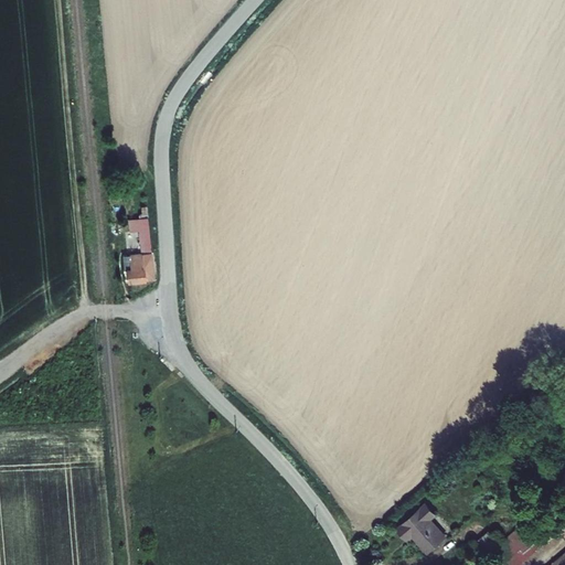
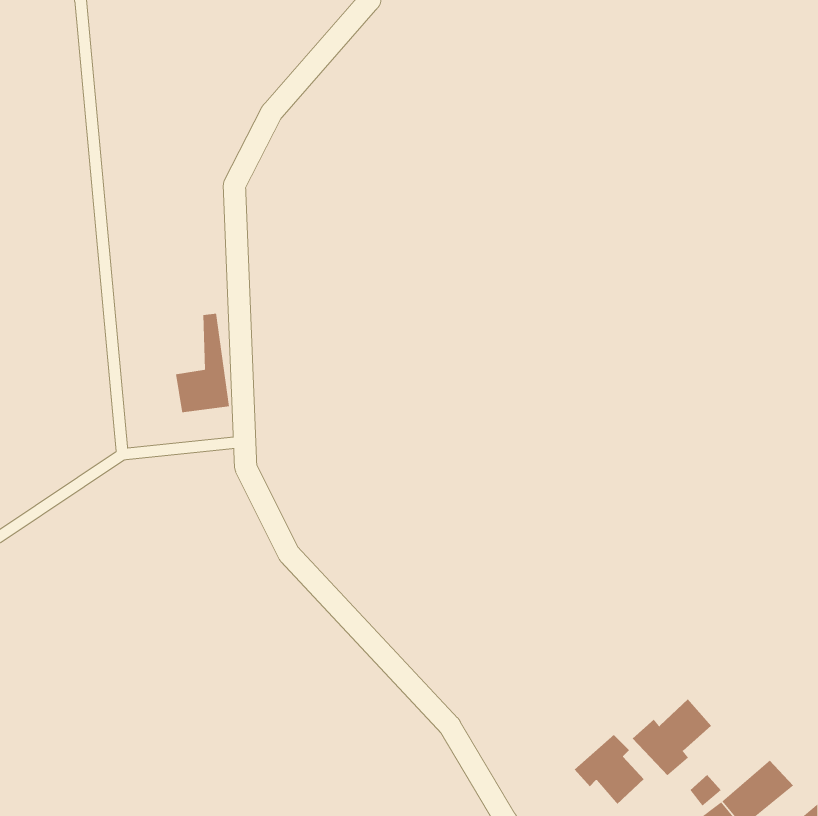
building: none -> [632,699,712,776]

